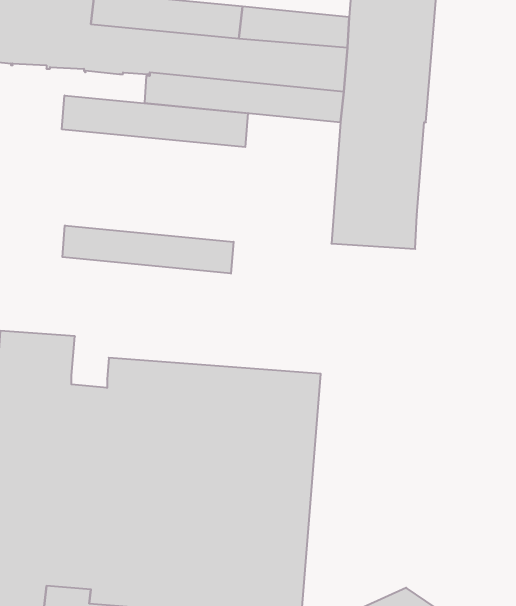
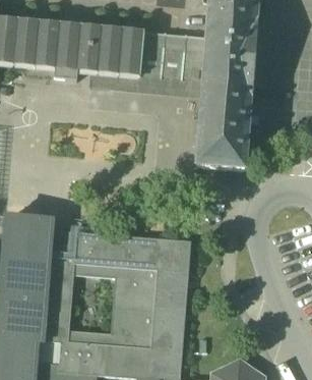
building: [62,95,248,147] -> none
building: [62,225,234,274] -> none

